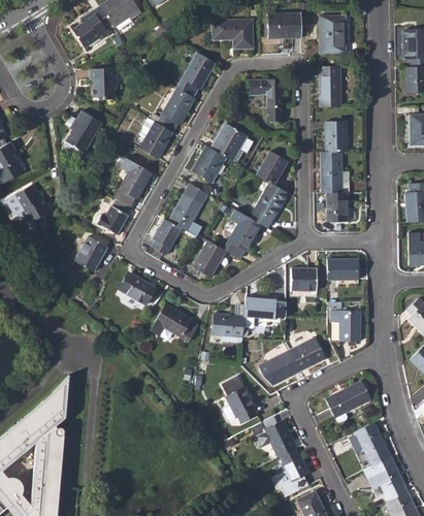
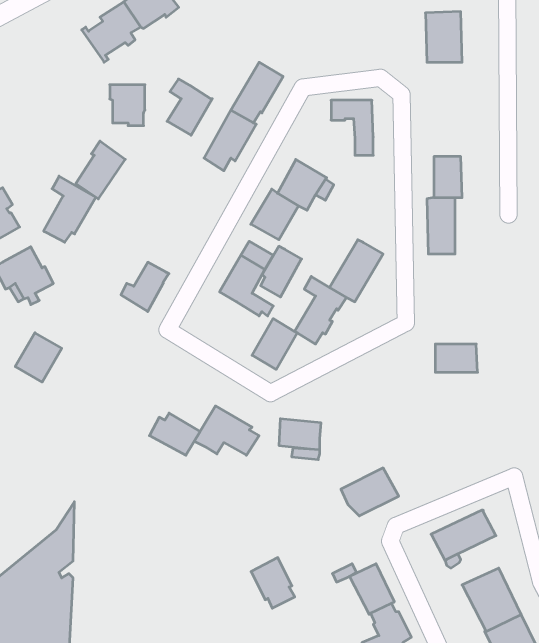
building: [267,12,302,37] -> none
building: [214,21,252,47] -> none
building: [319,65,340,106] -> none
building: [140,117,173,158] -> [167,79,212,135]
building: [257,150,288,184] -> none
building: [115,157,153,205] -> [44,176,96,242]
building: [327,192,348,221] -> none
building: [152,218,182,255] -> [261,246,302,297]
building: [74,234,108,270] -> [15,333,62,382]
building: [291,266,317,289] -> none
building: [119,272,156,303] -> [149,413,200,455]
building: [243,295,286,318] -> none
building: [329,307,359,341] -> none
building: [289,336,324,369] -> none
building: [226,385,258,422] -> [251,558,295,608]

